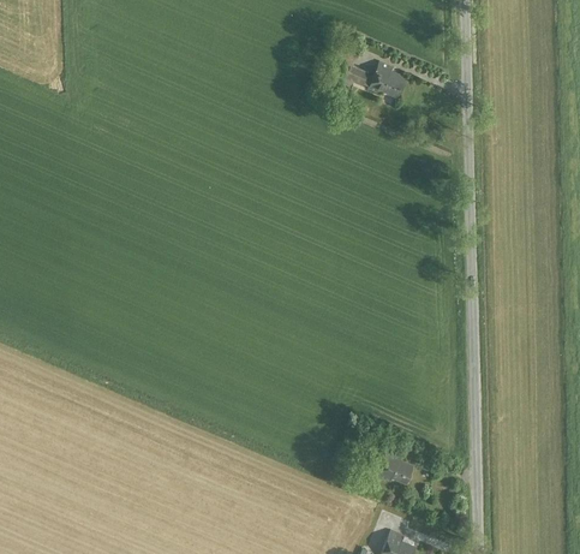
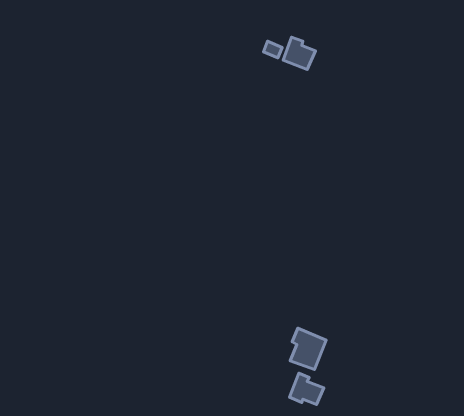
building: none -> [290,328,326,369]

